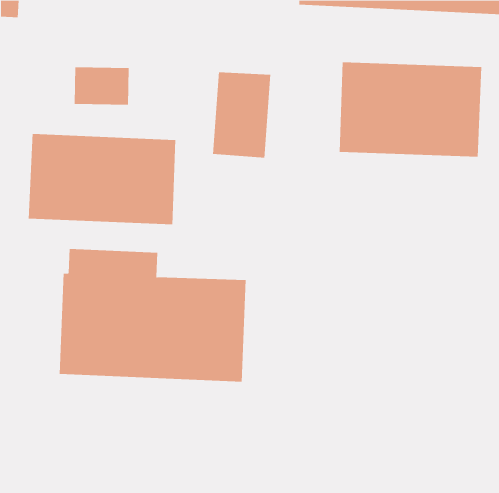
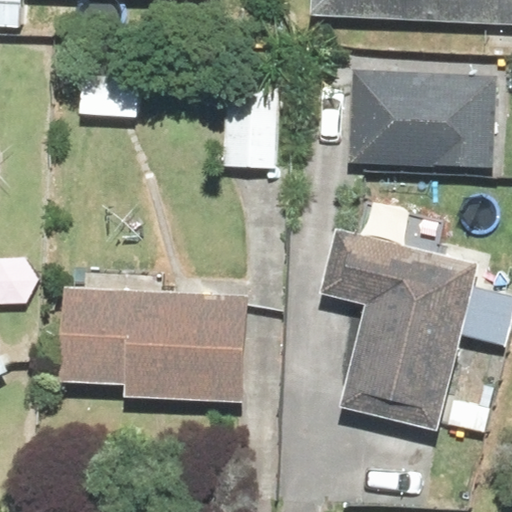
building: [28,133,176,225] -> none
building: none -> [323,228,466,416]

